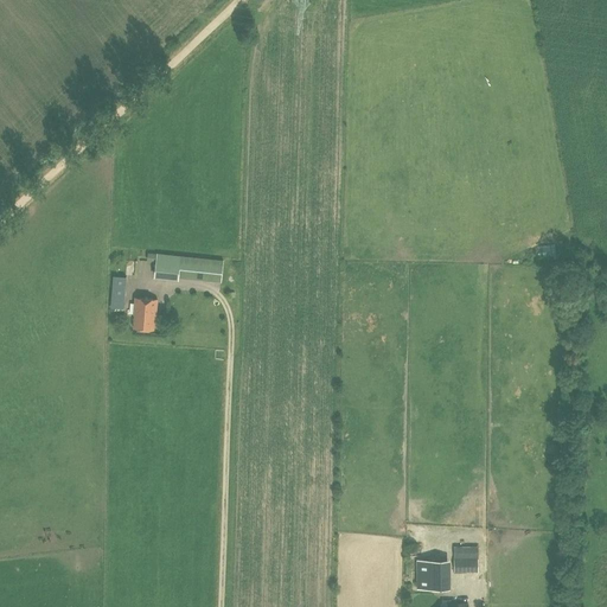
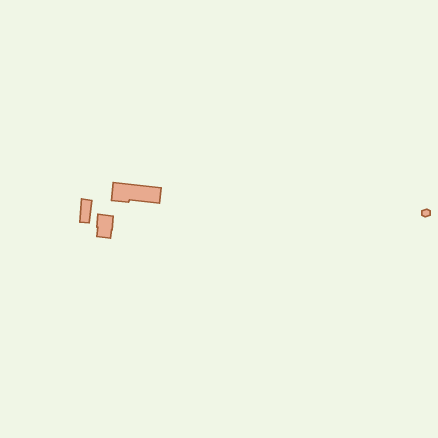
building: [454,545,478,573] -> none
building: [417,560,447,588] -> none

